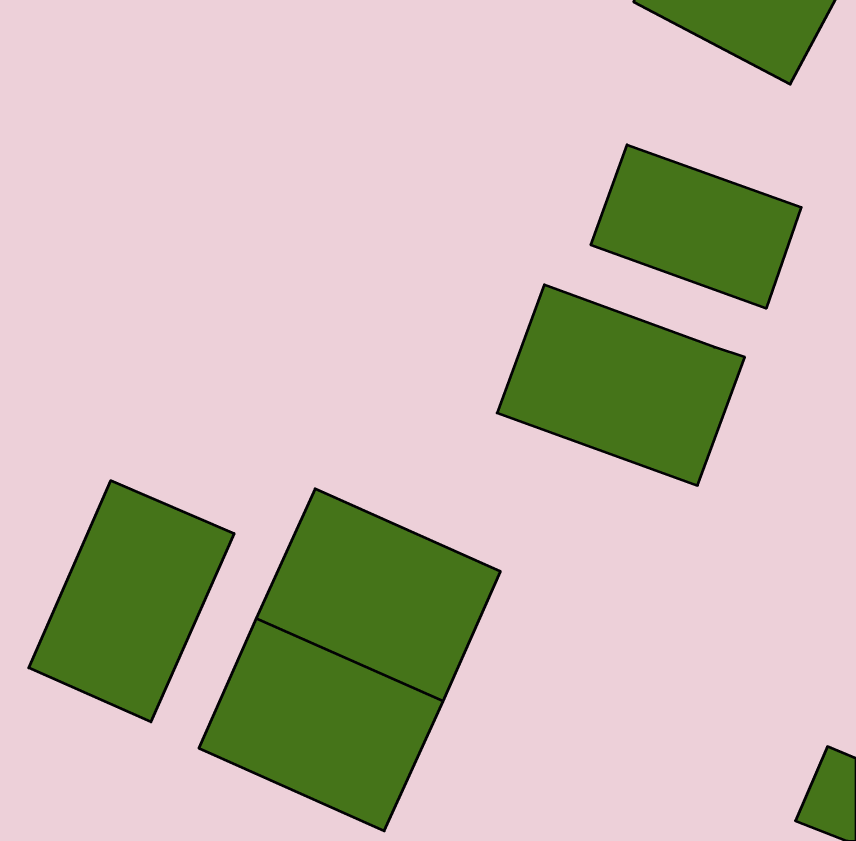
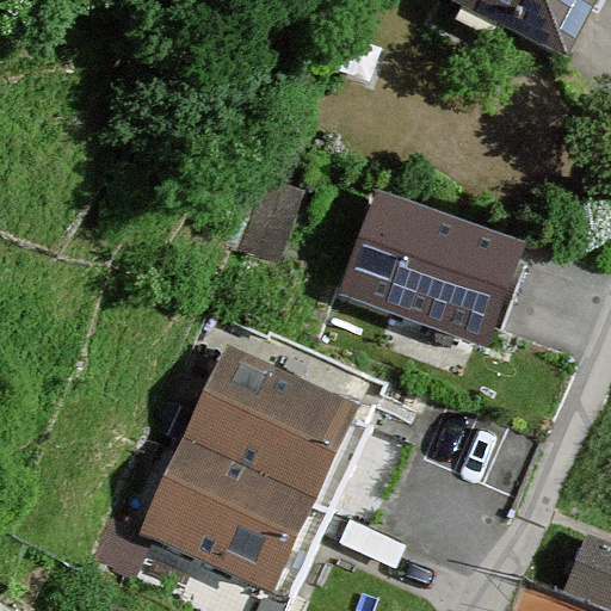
building: [591,145,801,308] -> none
building: [29,481,234,722] -> none

